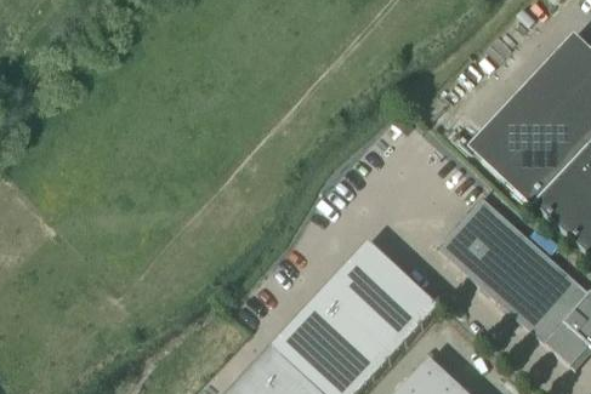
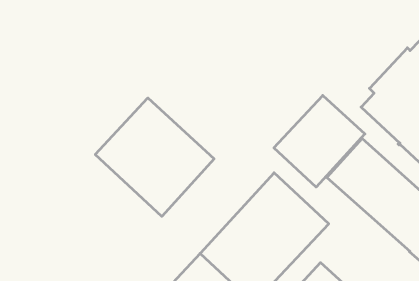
building: none -> [274,95,365,187]
building: none -> [95,98,214,216]

